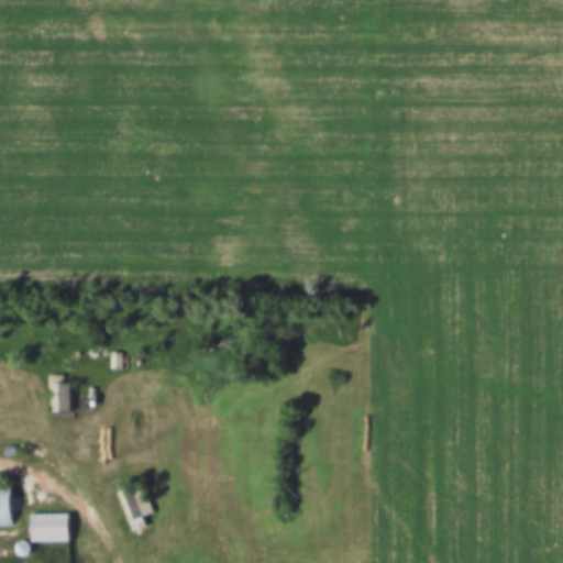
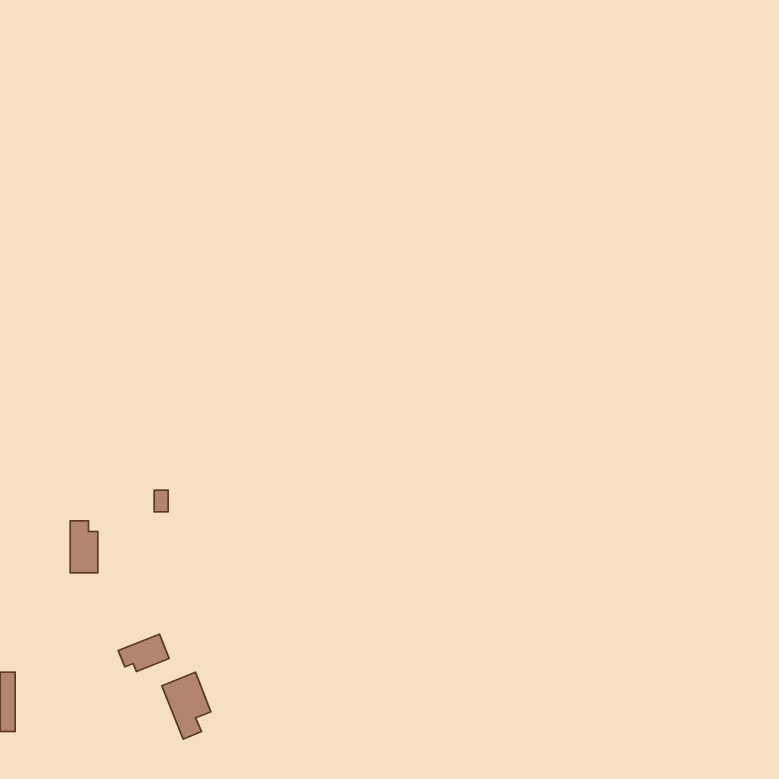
building: none -> [118,634,169,672]
building: [31,515,69,542] -> none

